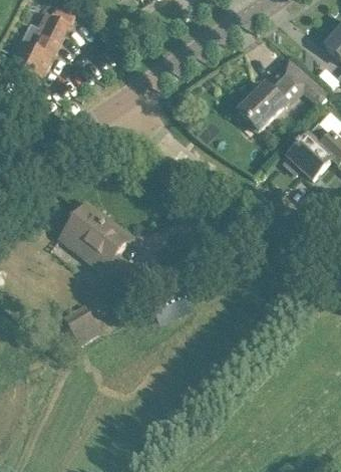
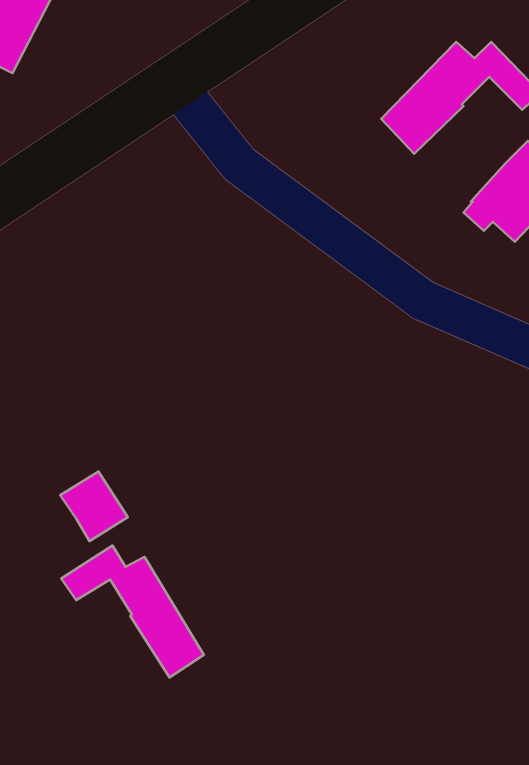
building: [62,203,134,286] -> none
building: none -> [61,546,204,677]

